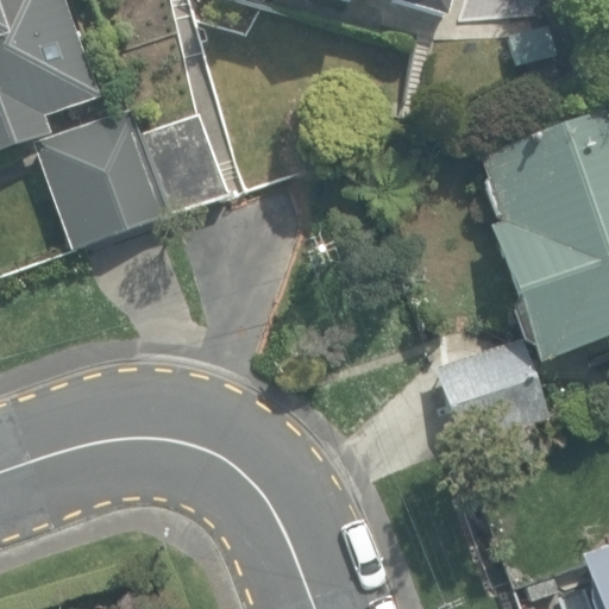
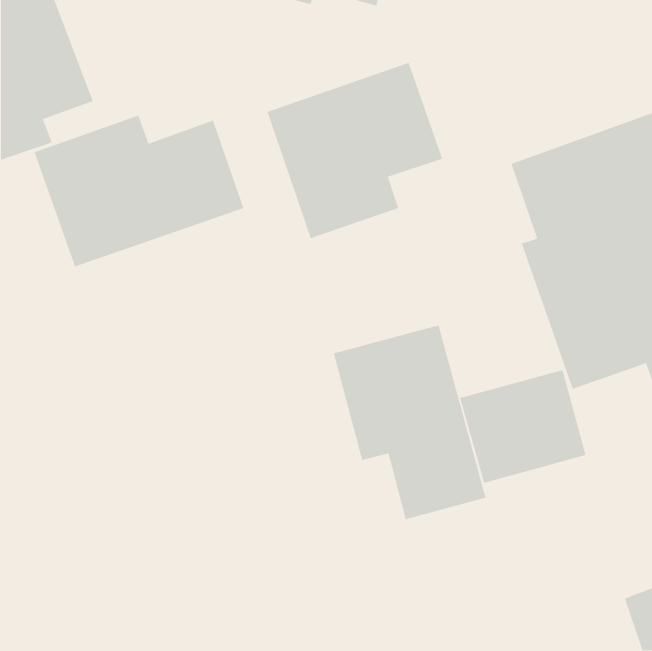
building: none -> [266,62,443,239]
building: none -> [333,325,486,520]

